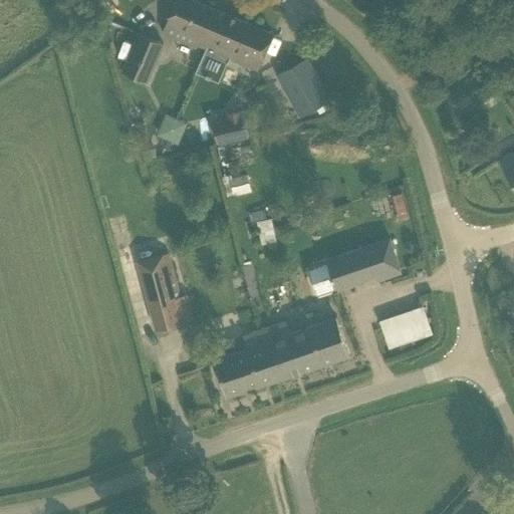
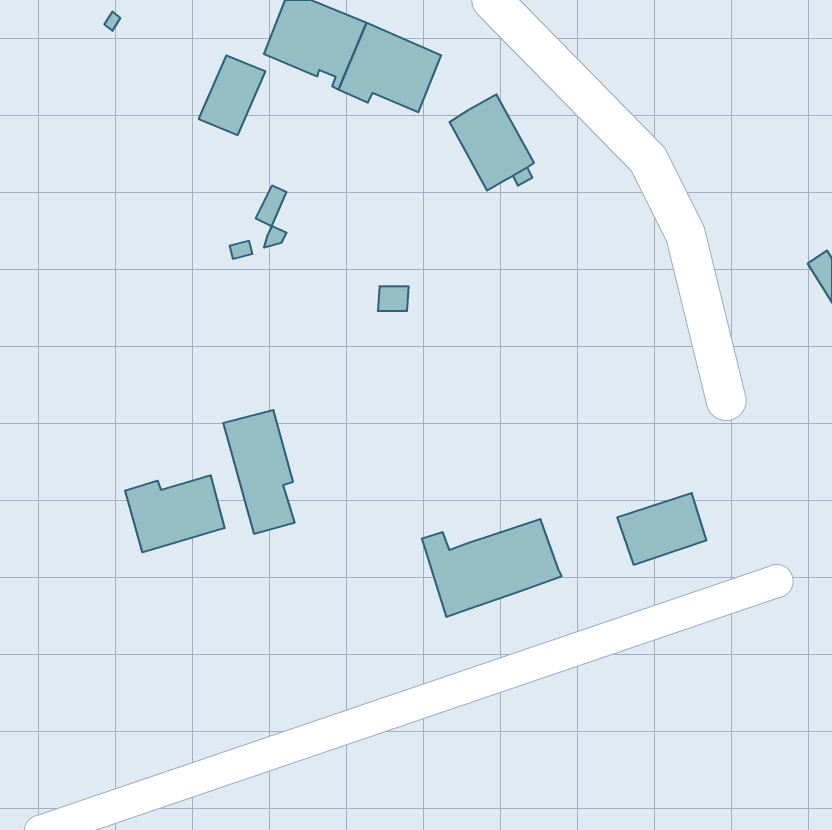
building: [214,113,247,143] -> none
building: [323,241,398,294] -> none
building: none -> [125,475,225,552]
building: [215,333,275,398] -> none

